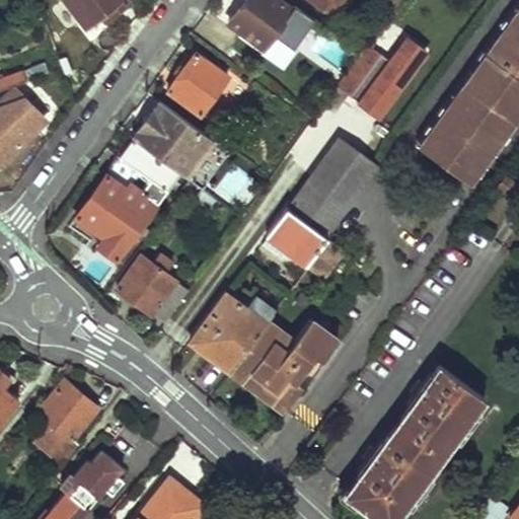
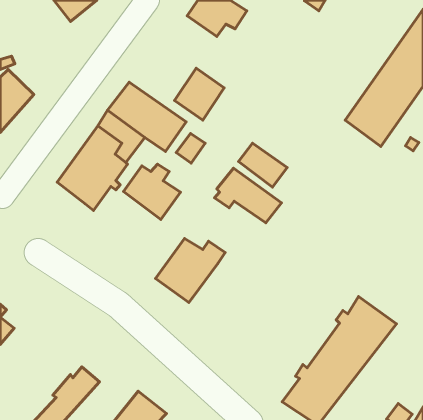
building: [336,42,425,120] -> none
building: [166,54,227,118] -> [175,68,224,120]
building: [309,138,381,209] -> none
building: [118,257,188,325] -> [124,164,181,220]
building: [235,318,340,406] -> none
building: [30,381,99,467] -> none

